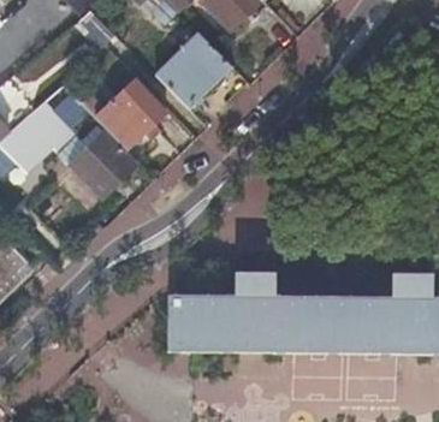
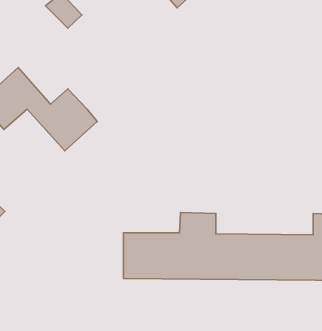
building: [156,35,232,111] -> none
building: [64,75,165,149] -> none

